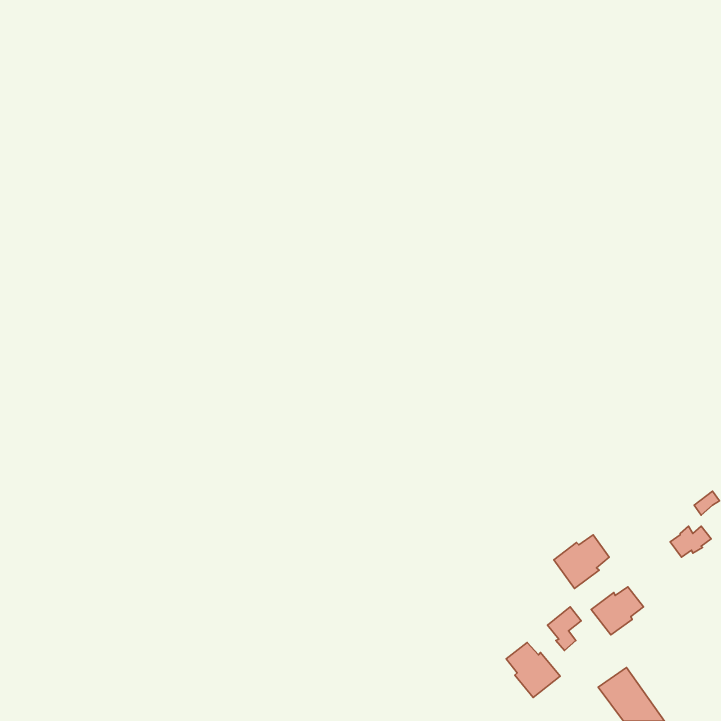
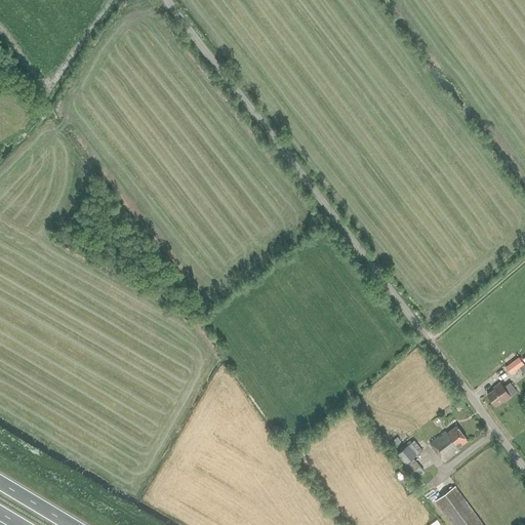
building: [554,535,609,588] -> none
building: [506,643,560,697] -> none

